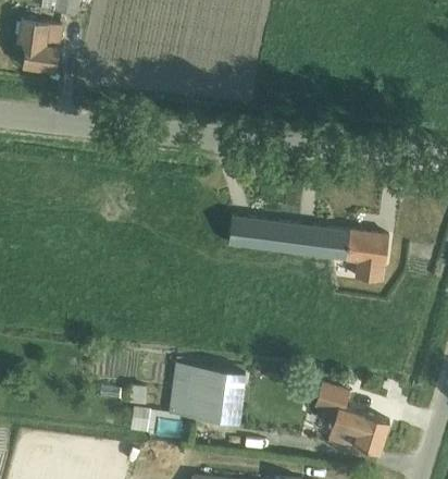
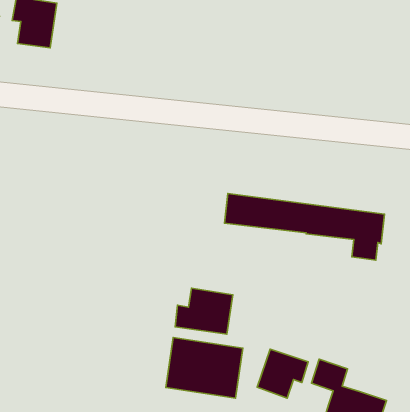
building: none -> [175,288,233,334]
building: none -> [257,349,308,398]

